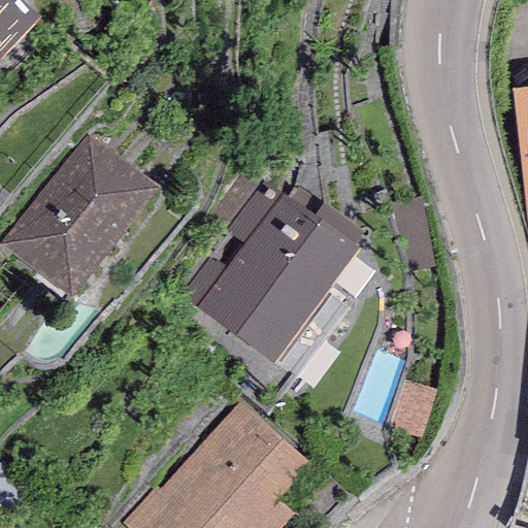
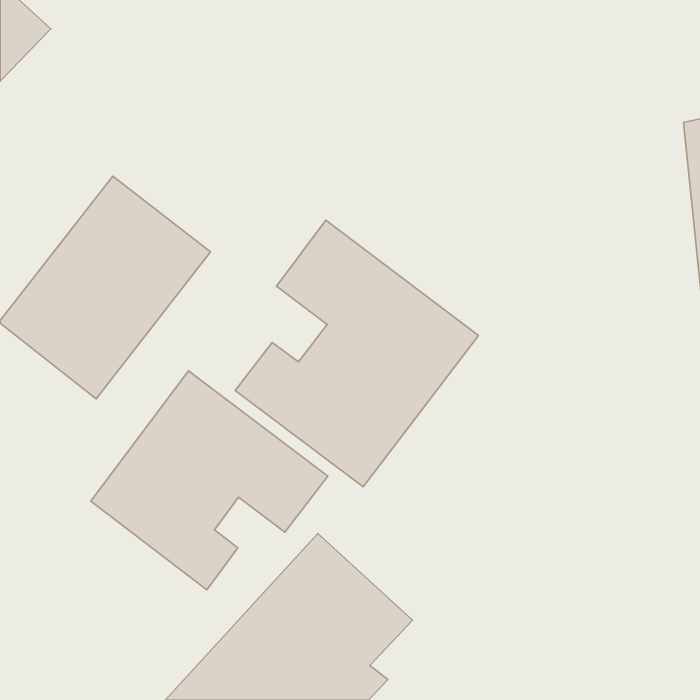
building: none -> [91,371,328,590]

